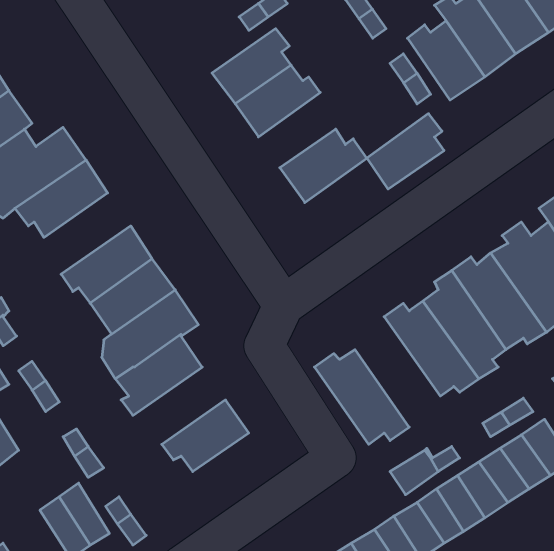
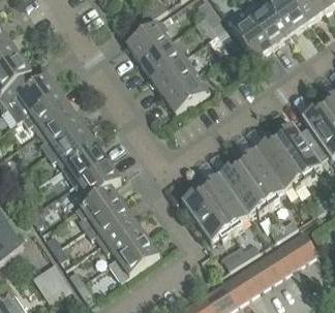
building: [367,114,444,189] -> [151,54,192,94]
building: none -> [36,107,83,151]
building: none -> [203,174,248,232]
building: none -> [84,200,133,242]
building: none -> [108,236,157,279]

